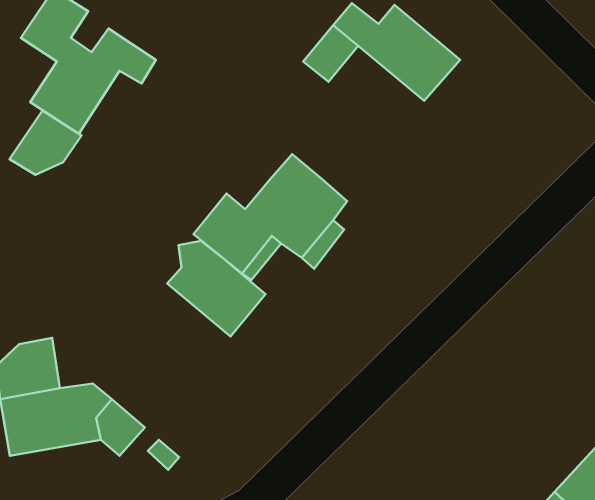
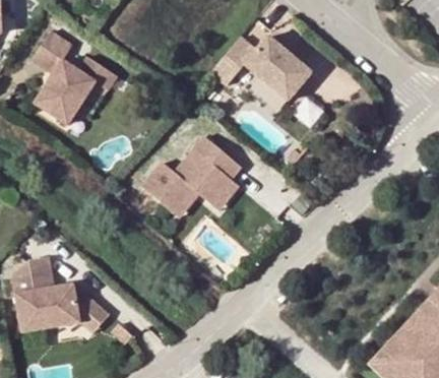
building: [10,111,82,175] -> none
building: [167,241,265,337] -> none

